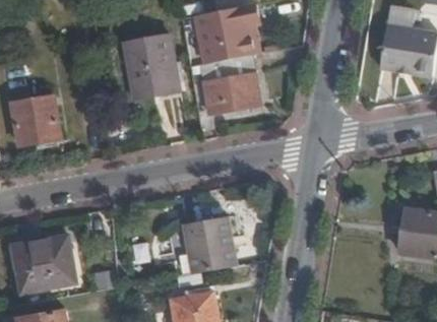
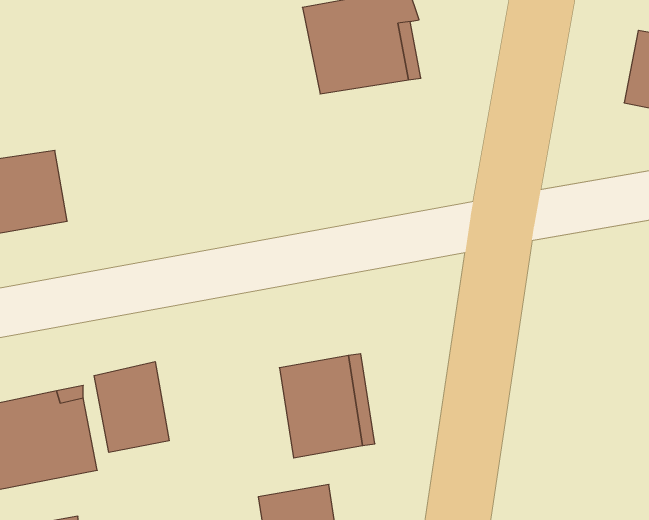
building: [126,34,183,101] -> none
building: [201,61,259,116] -> none
building: none -> [94,362,169,452]

